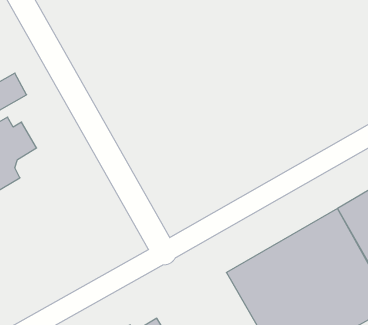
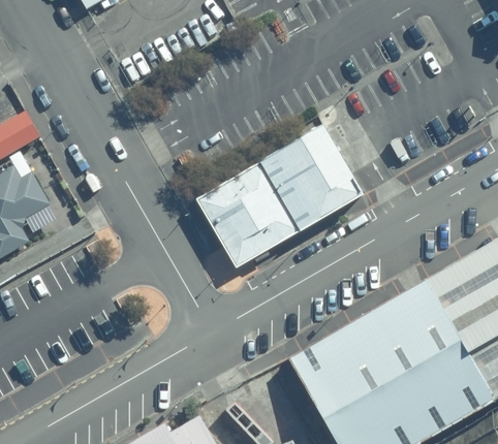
building: none -> [198,125,367,265]

